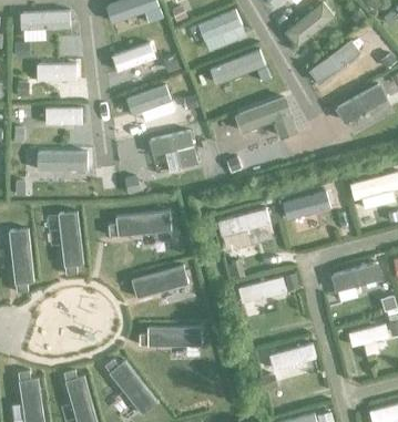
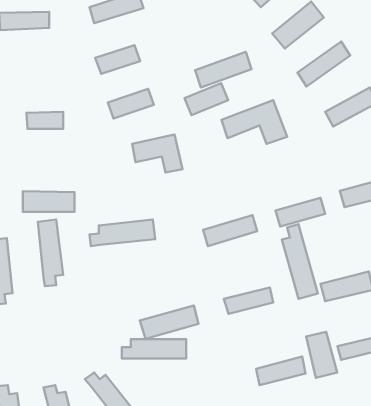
building: [200,10,242,41] -> [184,83,228,115]
building: [37,65,78,83] -> none
building: [38,152,88,172] -> [23,191,74,212]
building: none -> [282,224,318,299]
building: [131,267,187,299] -> [140,305,198,339]
building: none -> [306,332,337,378]

